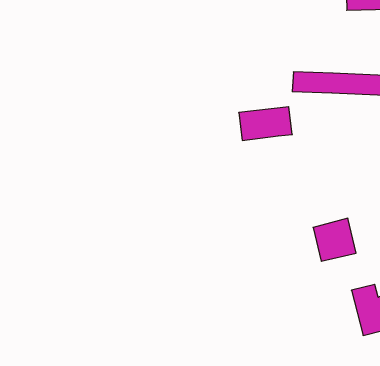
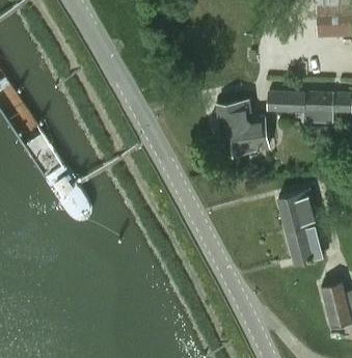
building: none -> [217,101,265,129]
building: none -> [278,193,318,231]

